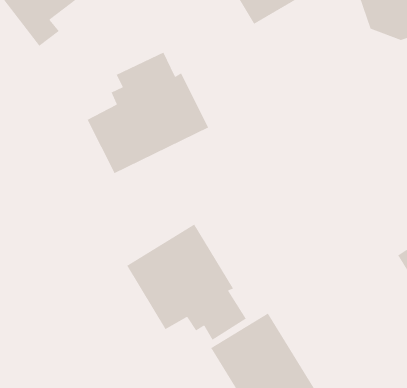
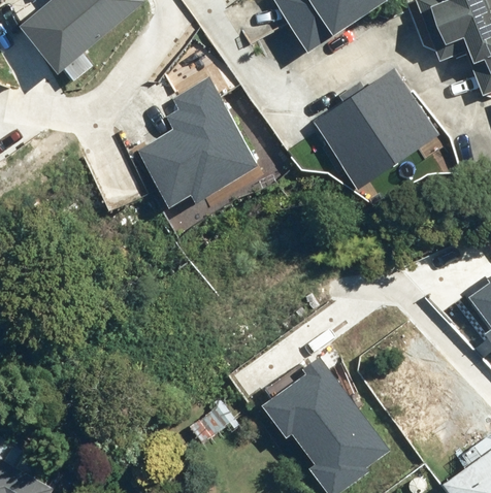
building: none -> [298,67,437,196]
building: [126,223,247,341] -> none

